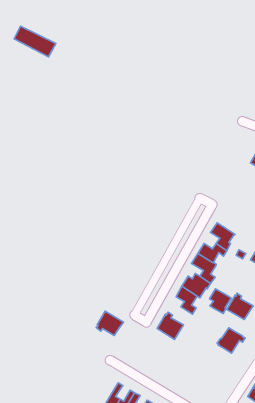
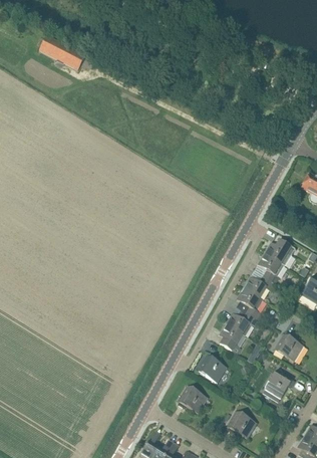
building: none -> [264,239,295,266]
building: [210,289,231,314] -> none
building: [96,311,123,336] -> [178,386,208,413]
building: none -> [227,411,257,438]

